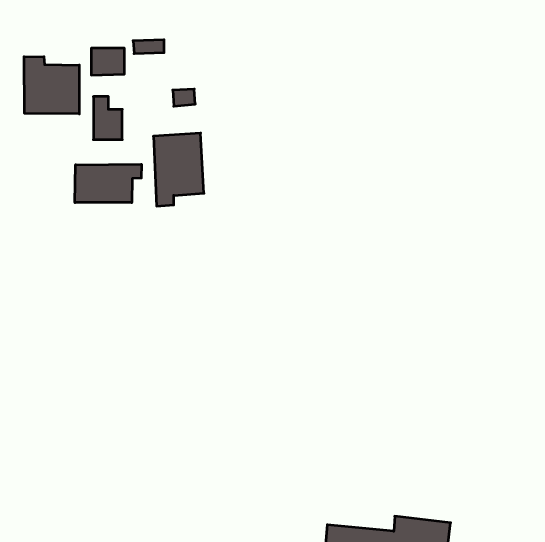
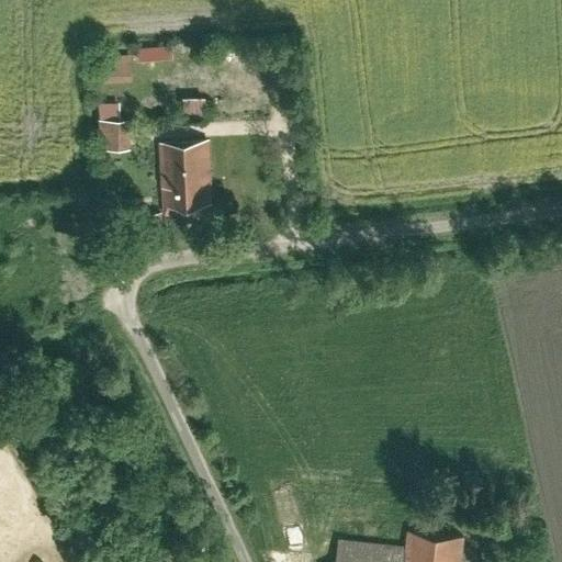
building: [24,57,79,114] -> none
building: [75,164,141,203] -> none

